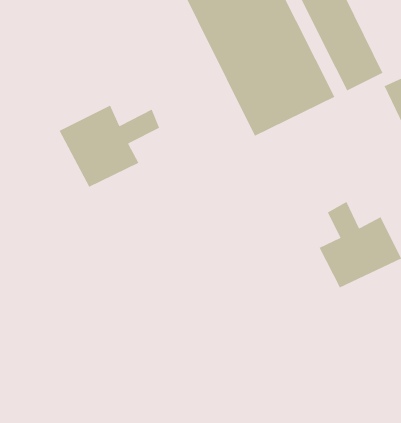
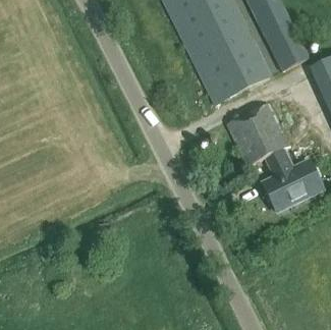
building: [58,105,160,188] -> none
building: none -> [225,104,288,167]

